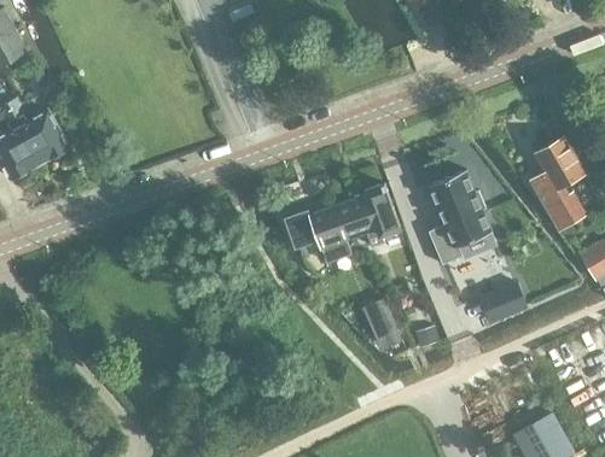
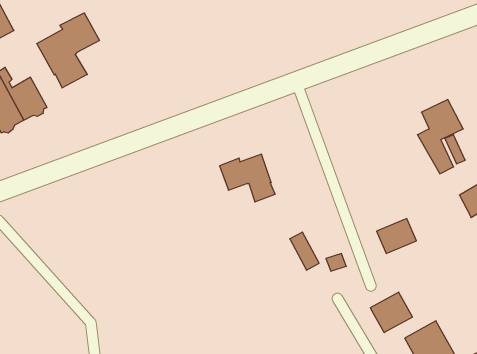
building: none -> [37,13,99,88]
building: [427,170,491,264] -> none
building: [335,184,400,246] -> none
building: none -> [371,292,412,333]

